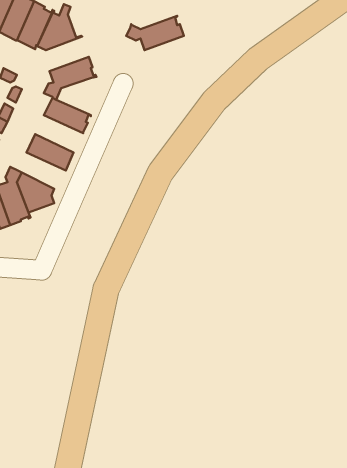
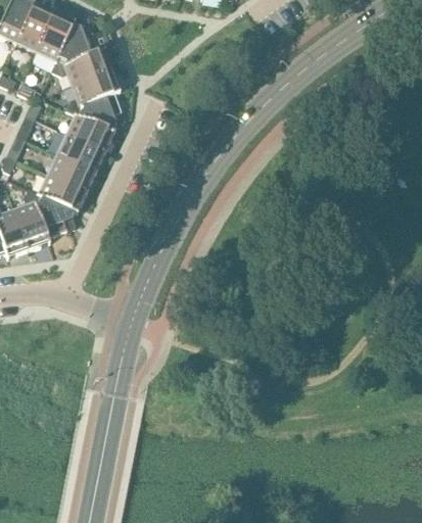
building: [126,16,184,50] -> [51,49,112,86]
building: none -> [78,93,125,133]
building: none -> [55,133,106,173]
building: none -> [37,173,88,211]

